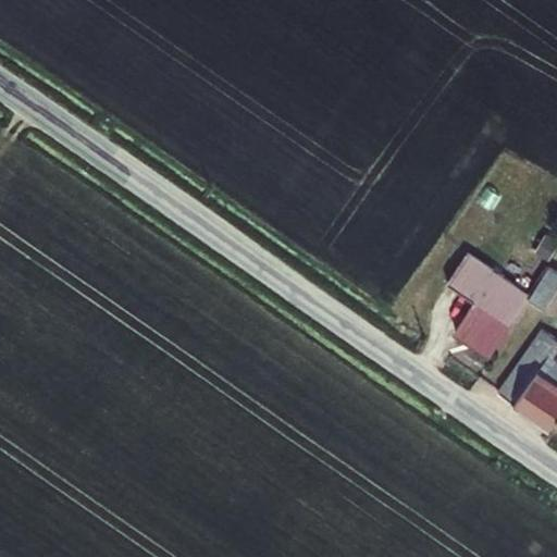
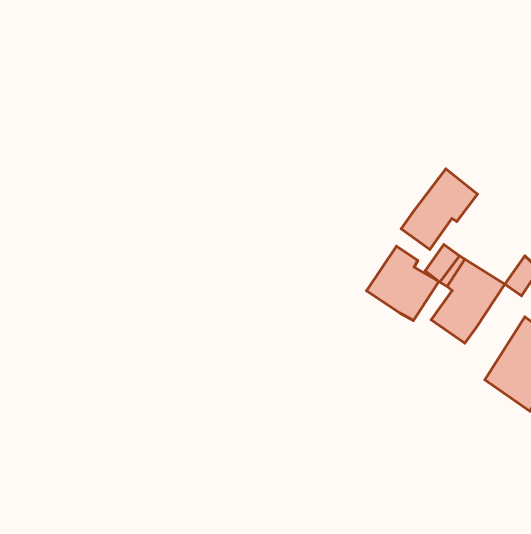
building: none -> [401,169,478,249]
building: none -> [366,246,439,321]

